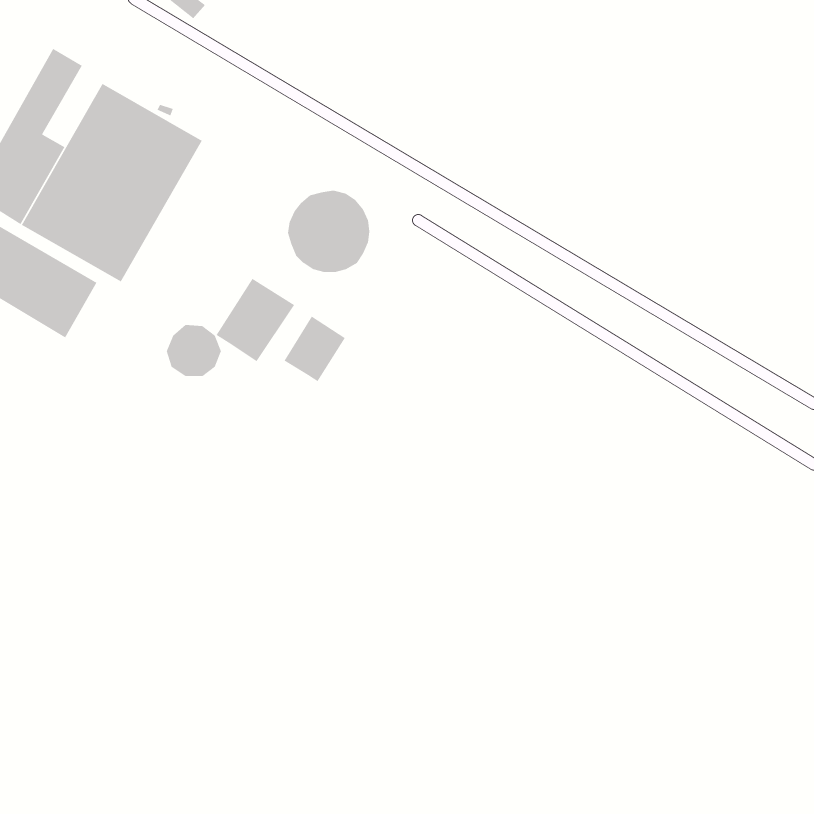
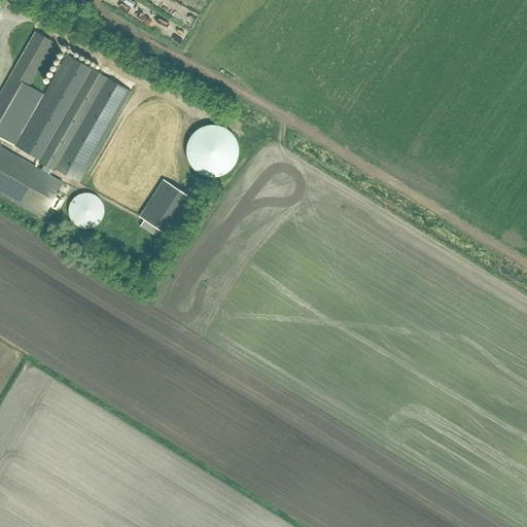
building: [284,315,346,382] -> none
building: [166,324,222,377] -> [68,192,104,226]

